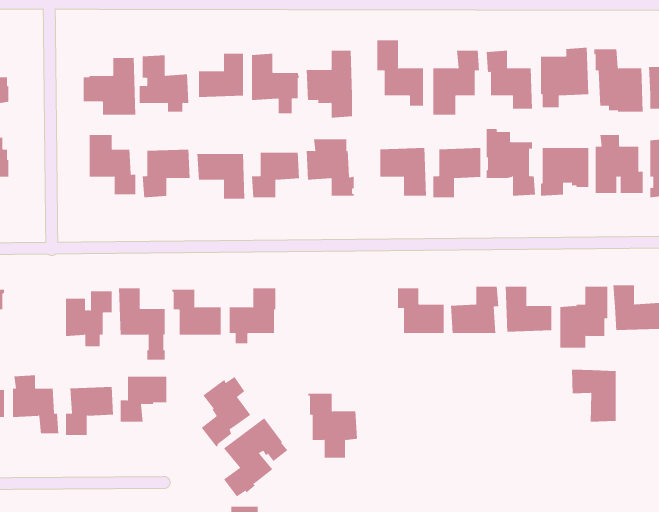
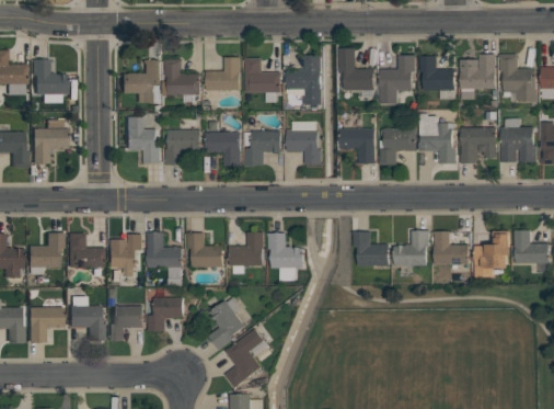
building: none -> [66,234,102,268]
building: [571,369,616,422] -> none
building: [308,393,358,458] -> [267,232,304,281]

